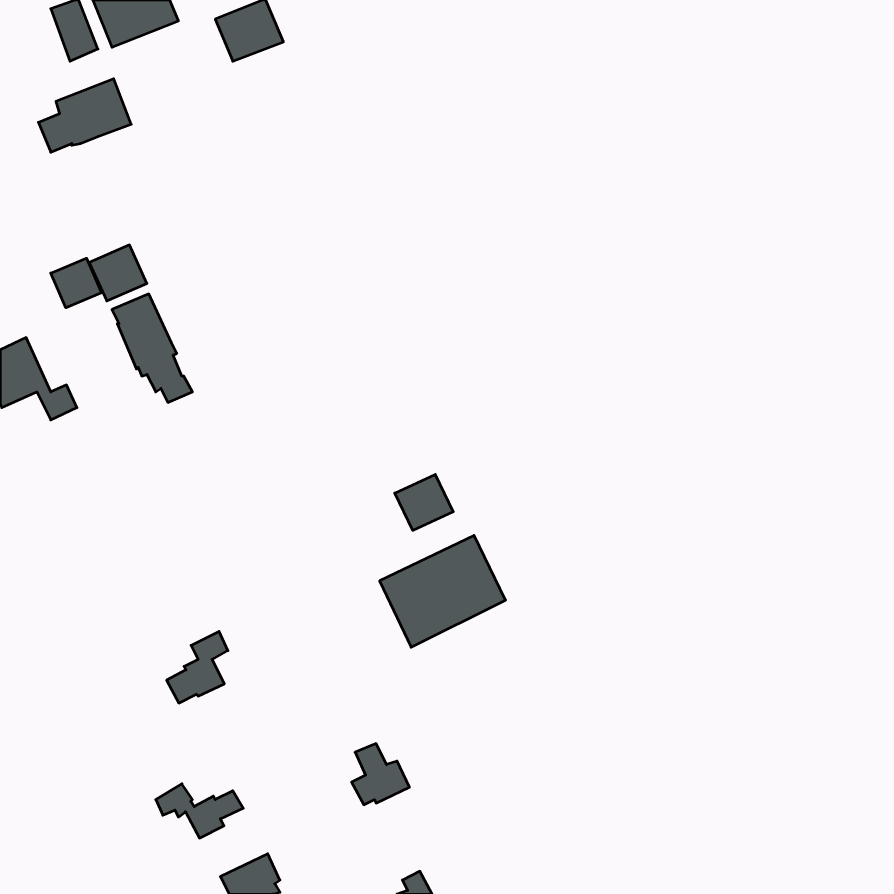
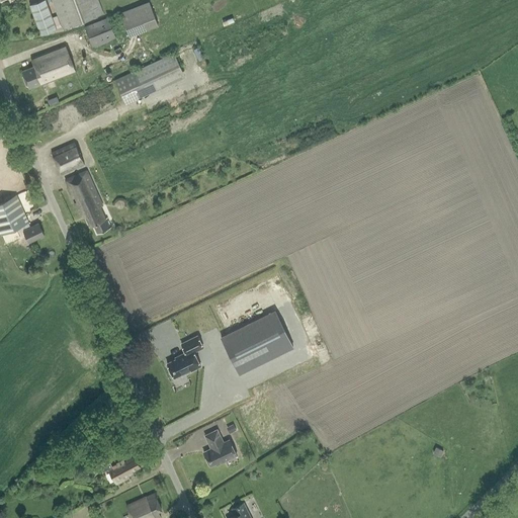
building: none -> [85,17,115,47]
building: none -> [115,53,184,101]
building: [51,258,102,308] -> none
building: [395,474,453,530] -> none
building: [167,631,228,703] -> [167,336,202,377]

